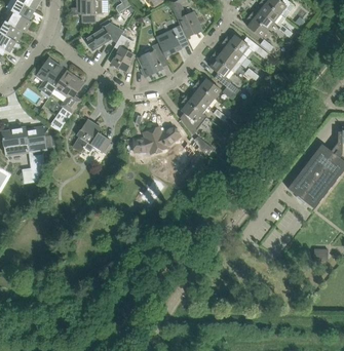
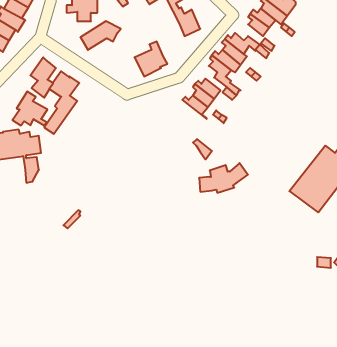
building: [155,25,188,56] -> none
building: [110,28,133,71] -> none
building: [180,99,206,133] -> none
building: [72,119,106,152] -> [12,91,47,125]
building: [132,124,180,153] -> [199,163,248,193]

